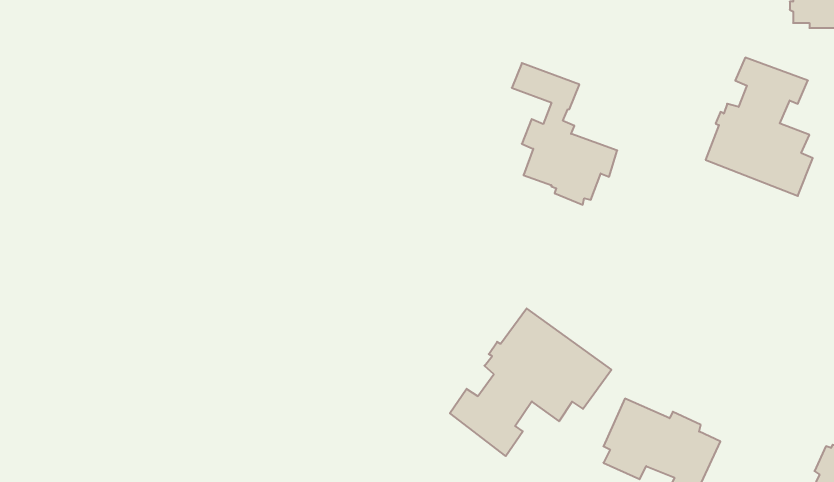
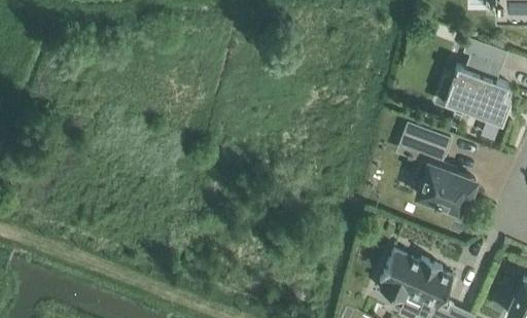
building: [512,63,617,205] -> [409,128,475,216]
building: [450,308,611,456] -> none

